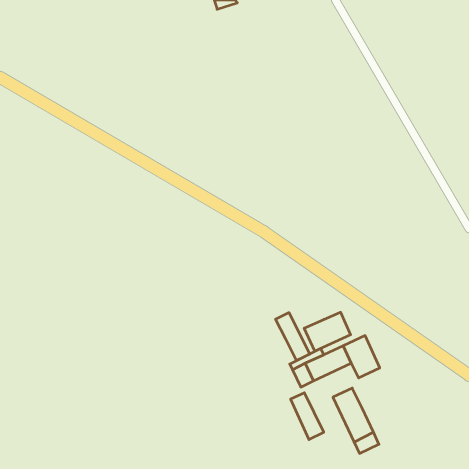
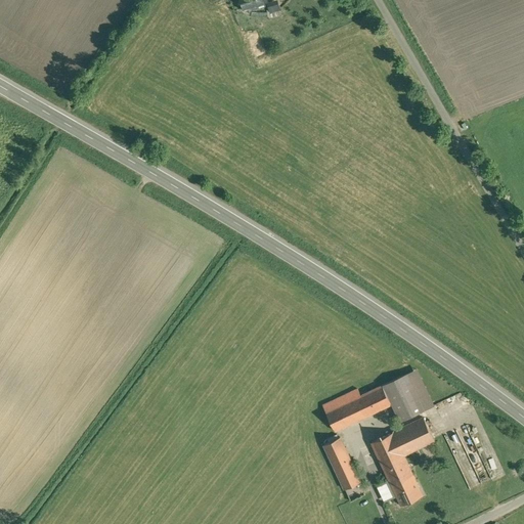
building: [304,312,351,351] -> none
building: [276,313,310,361] -> none
building: none -> [392,419,434,455]

